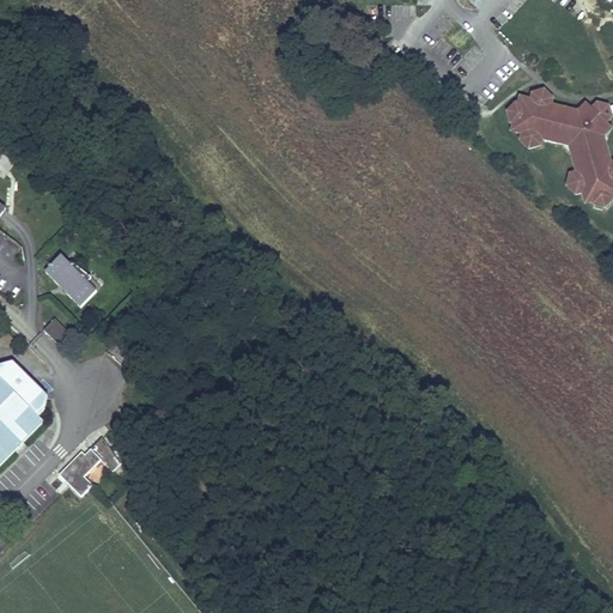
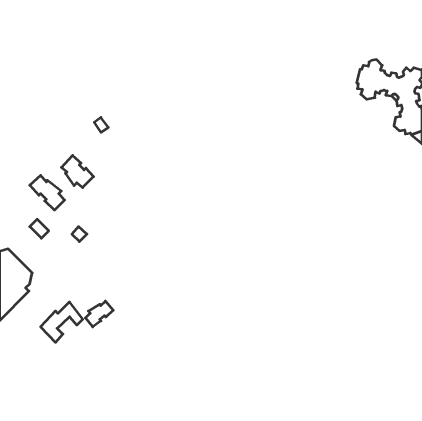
building: none -> [61,155,94,188]
building: none -> [85,301,113,327]

